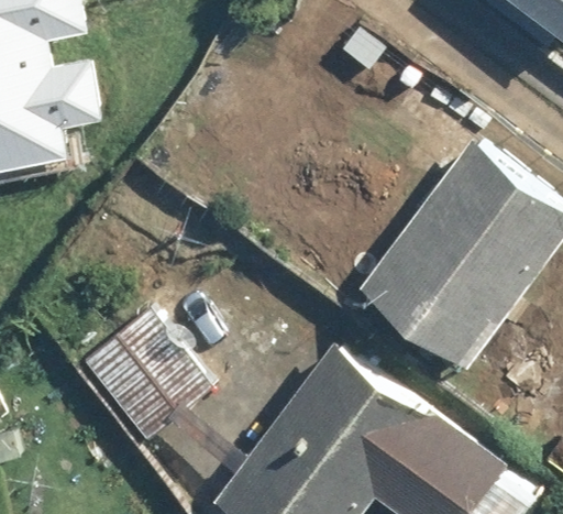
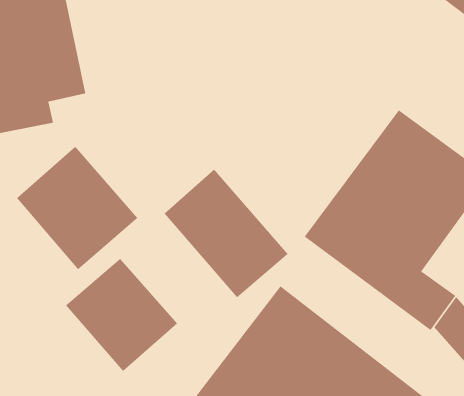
building: none -> [16,146,138,270]
building: none -> [164,169,288,298]

